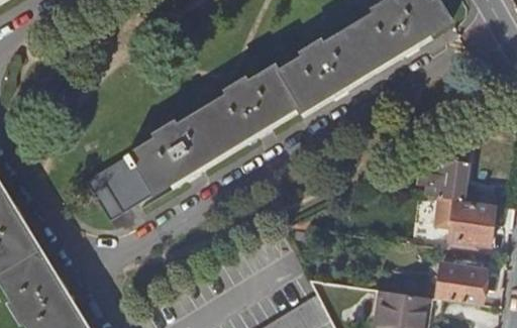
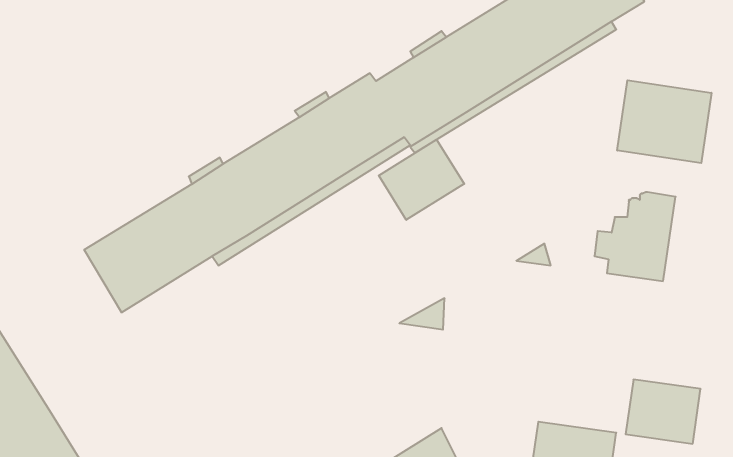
building: none -> [617,80,711,163]
building: none -> [379,140,464,220]
building: [433,200,494,245] -> none

